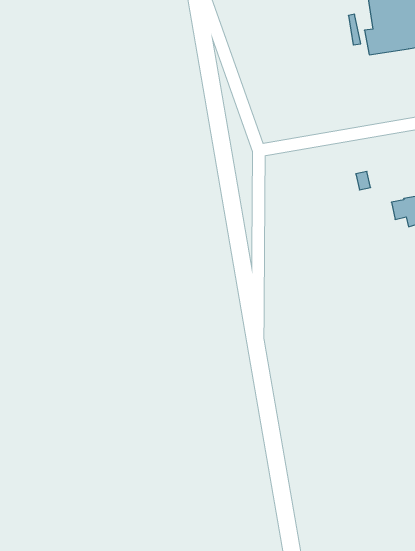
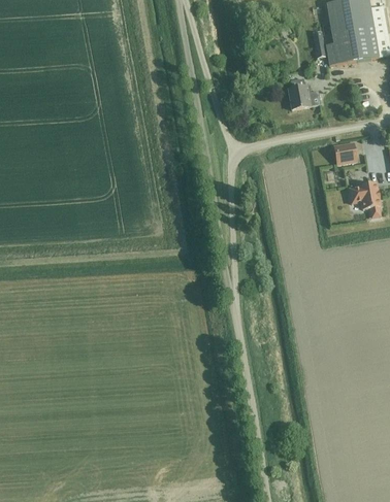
building: none -> [287,77,319,108]
building: none -> [333,140,356,164]

